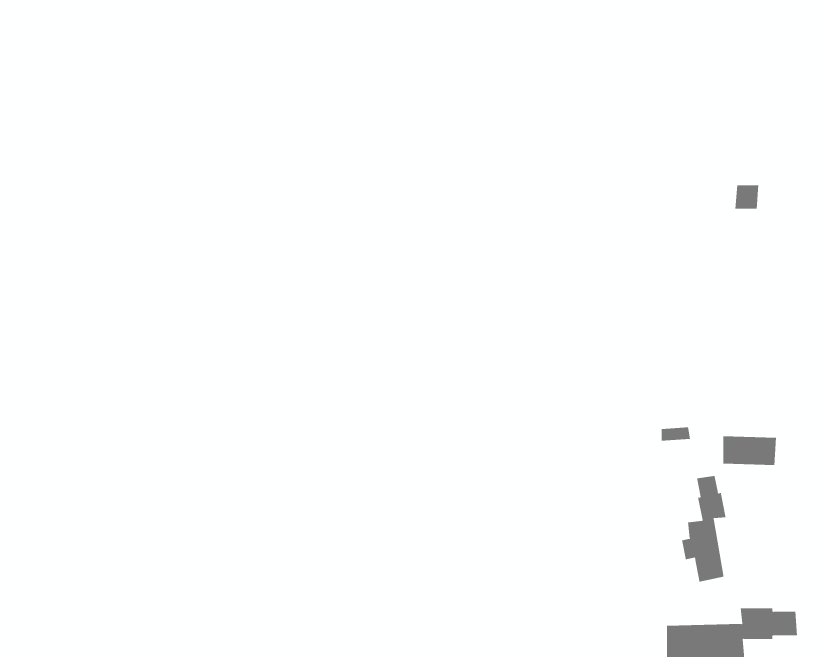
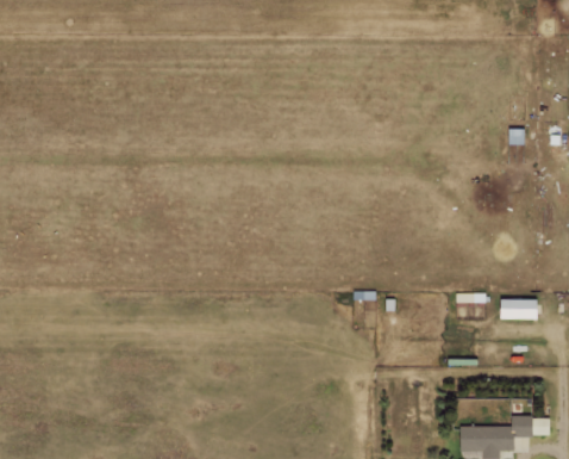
building: [681,475,726,582] -> none

